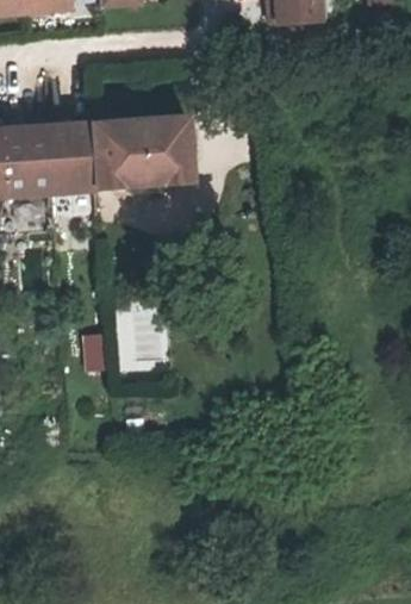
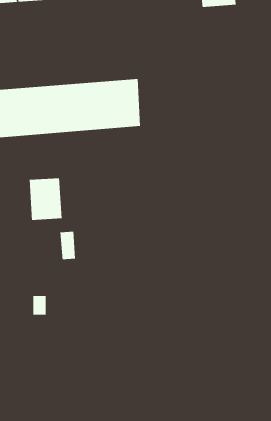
building: [116,299,162,357] -> [29,178,63,220]

